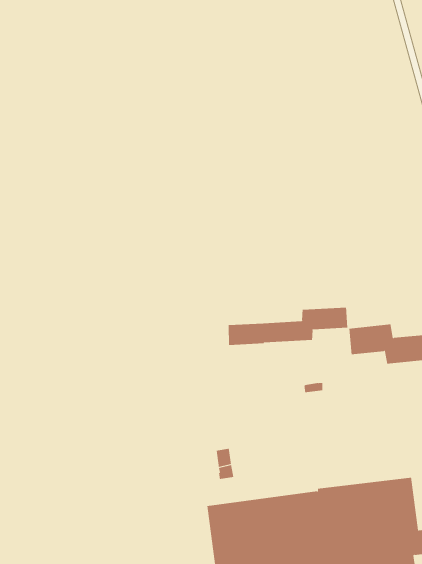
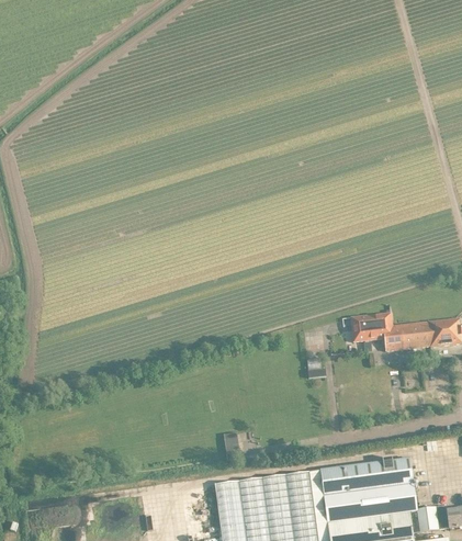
building: [228,307,348,346] -> none

